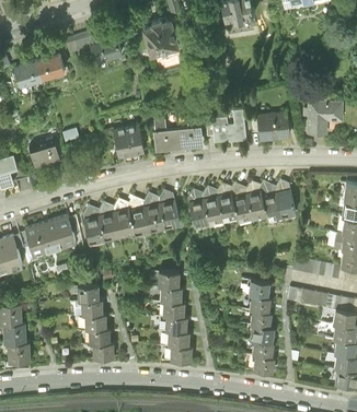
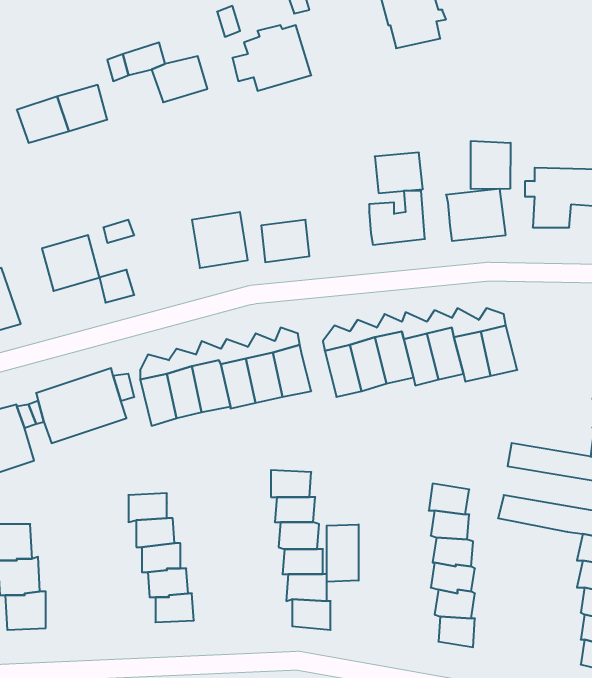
building: none -> [471,141,511,189]
building: [177,126,205,149] -> [375,153,423,193]
building: none -> [327,524,359,582]

